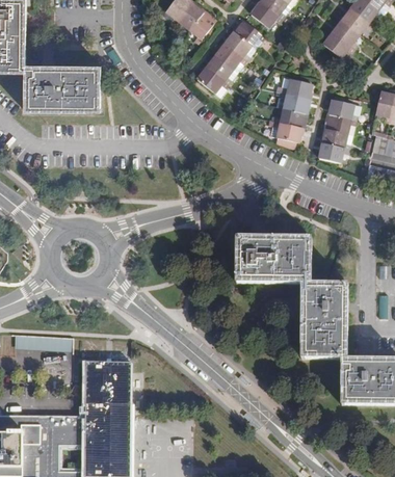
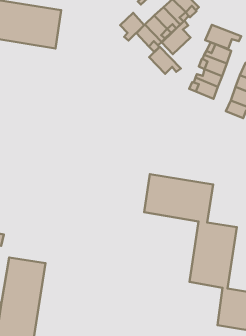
building: none -> [120,13,144,40]
building: none -> [162,21,190,54]
building: none -> [205,25,241,49]
building: none -> [149,47,181,74]

